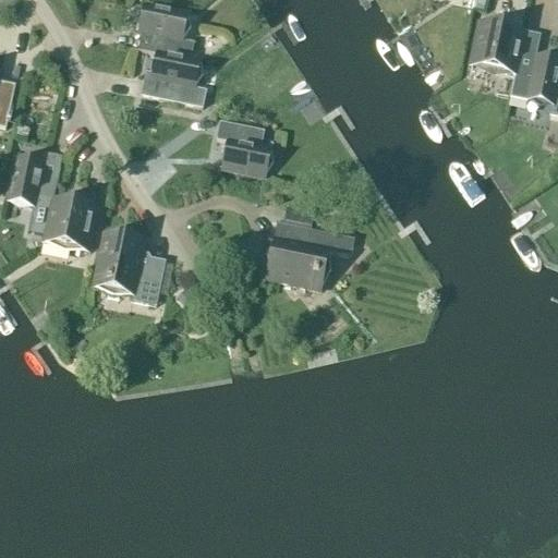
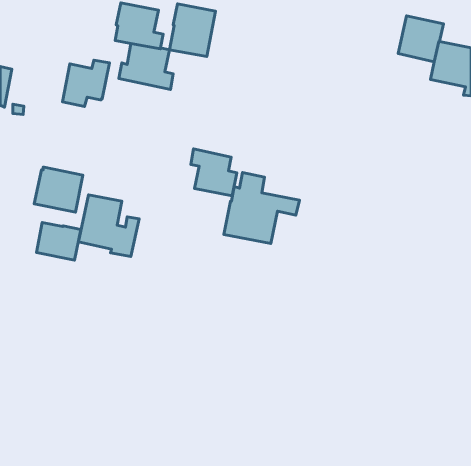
building: none -> [170,4,216,57]
building: [216,119,270,174] -> [191,149,237,196]
building: [7,150,62,205] -> [62,60,109,106]
building: none -> [36,222,81,260]

